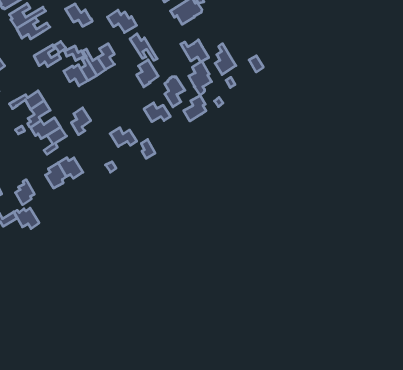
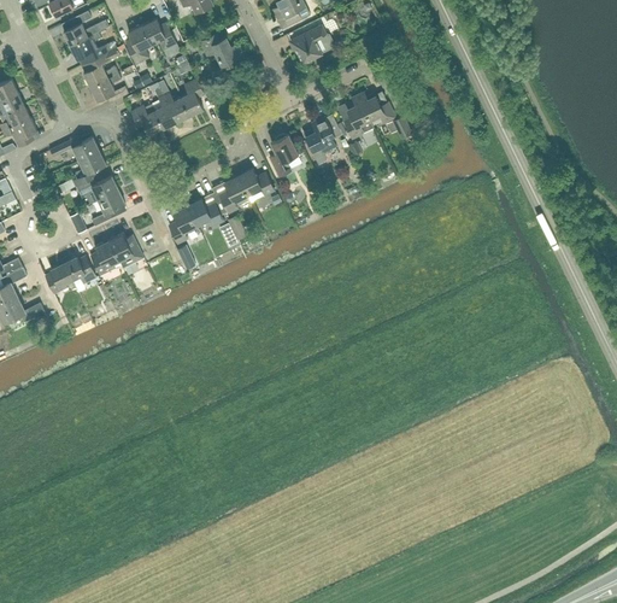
building: none -> [128,24,151,64]
building: none -> [83,46,122,86]
building: [130,34,157,60] -> none
building: [181,40,209,62] -> [357,90,394,122]
building: [137,60,158,87] -> [219,175,249,212]
building: [184,96,206,121] -> none
building: [71,108,91,135] -> [169,205,196,242]
building: [14,208,39,229] -> [63,254,96,283]

